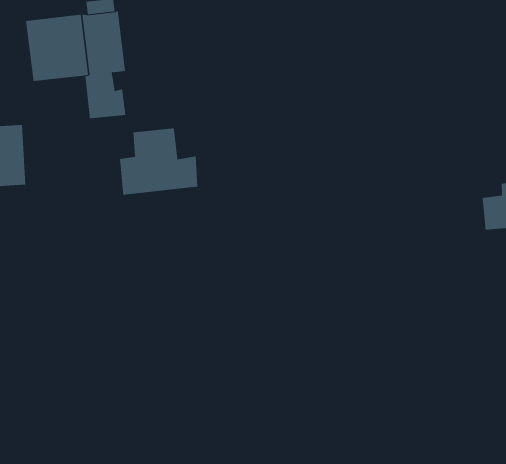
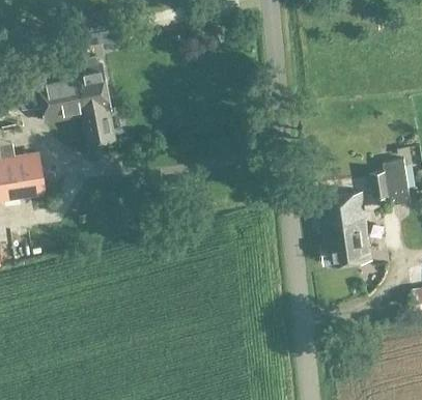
building: [120,128,198,196] -> none
building: none -> [322,194,372,267]

